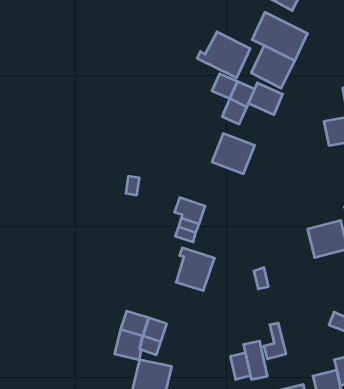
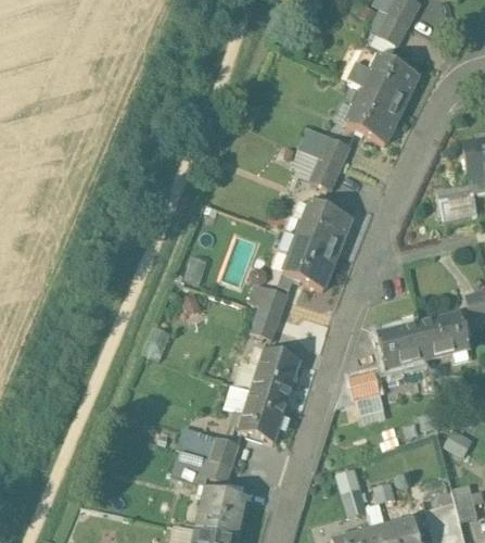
building: [197,32,250,78] -> none
building: [249,83,283,115] -> none
building: none -> [279,236,337,288]
building: none -> [376,321,427,367]
building: none -> [239,389,286,442]
building: [264,323,286,359] -> [356,368,384,414]
building: [231,352,250,380] -> none

